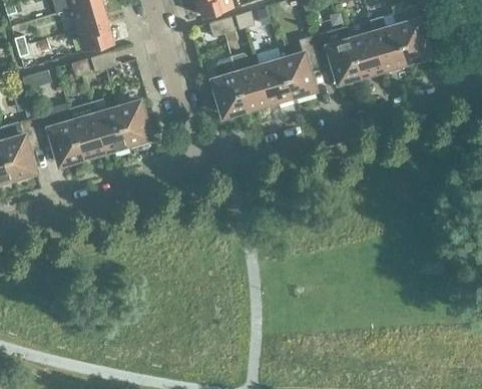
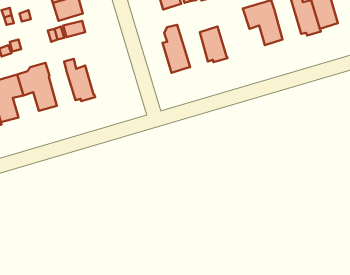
building: [351,31,384,77] -> none
building: [281,36,320,95] -> none
building: [230,53,269,111] -> none
building: [117,100,150,142] -> none
building: [72,113,105,159] -> none

